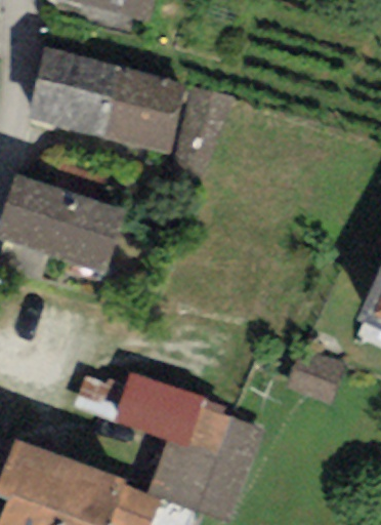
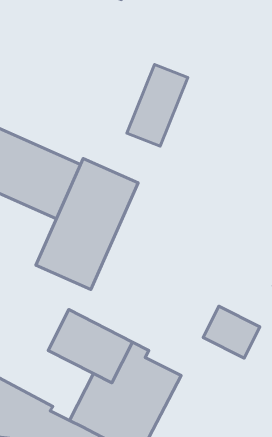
building: [27,46,179,154] -> none
building: none -> [36,159,138,290]

